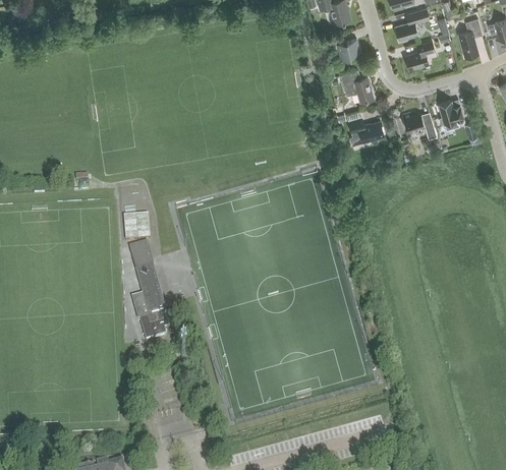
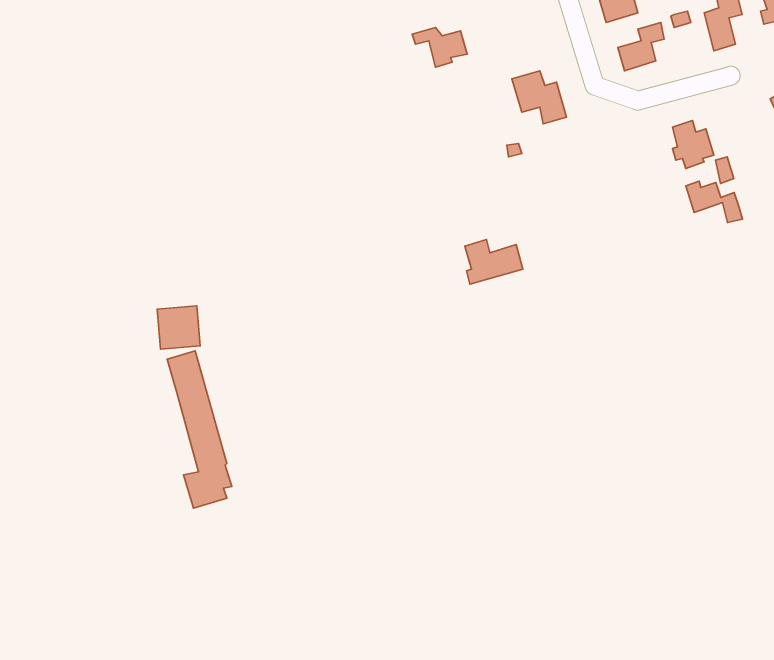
building: [327,37,360,61] -> [412,28,467,67]
building: [402,113,437,138] -> [686,181,742,222]
building: [348,118,384,145] -> [465,239,523,284]

